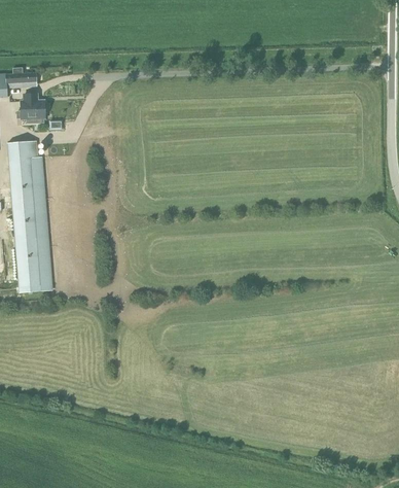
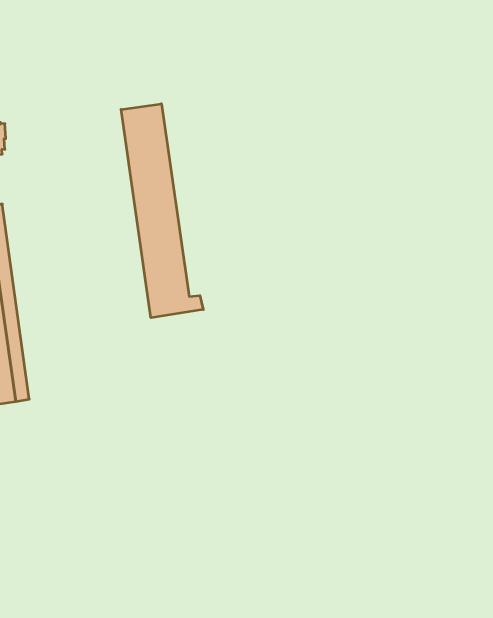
building: none -> [121,104,203,318]

